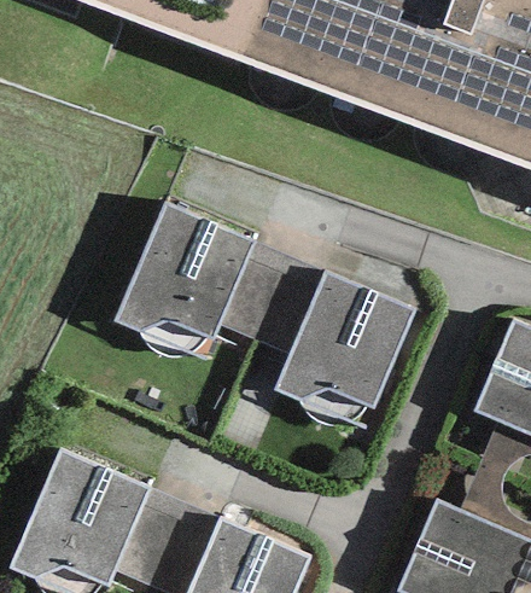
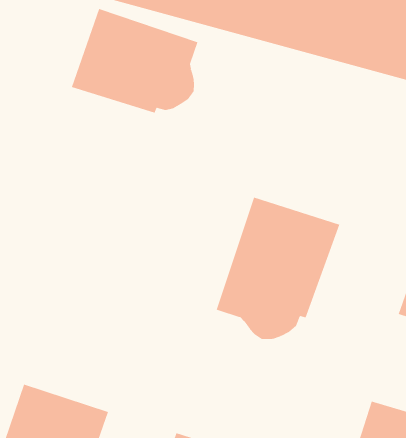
building: none -> [71,8,198,114]
building: [113,202,256,359] -> none

